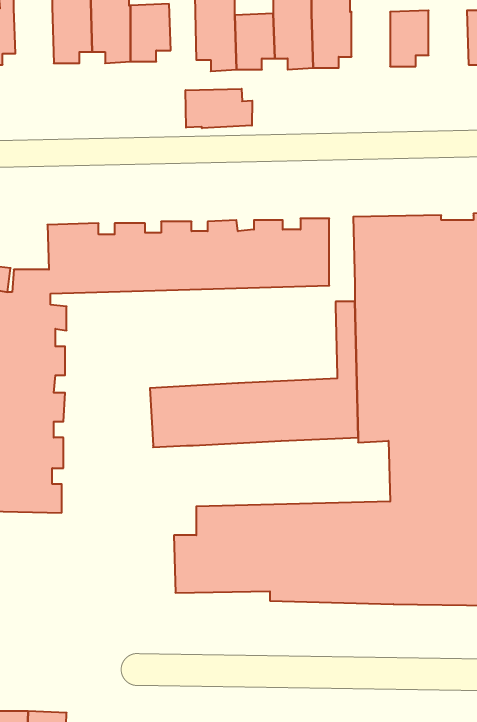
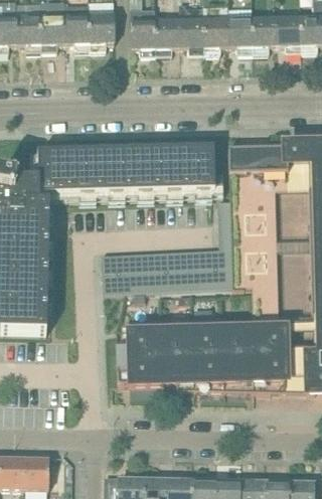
building: none -> [16,14,41,50]
building: none -> [277,16,302,51]
building: none -> [228,17,253,52]
building: [186,89,252,128] -> none

